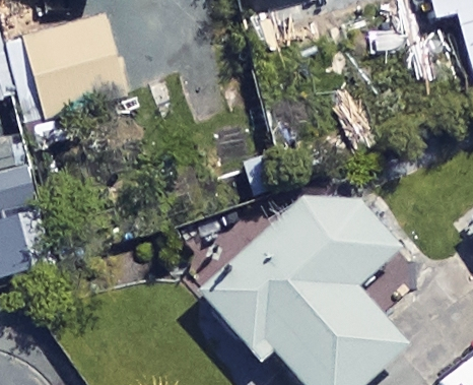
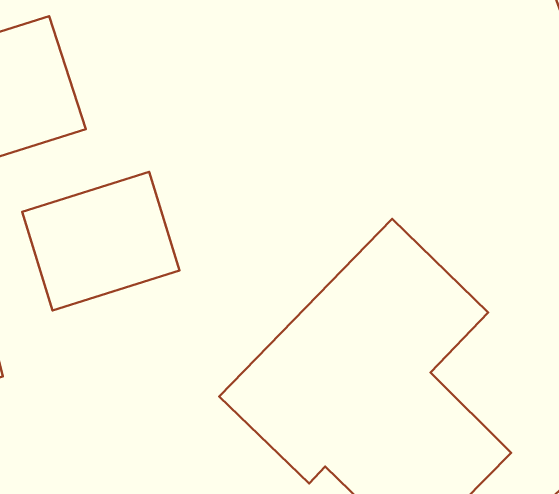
building: none -> [22,172,179,311]

